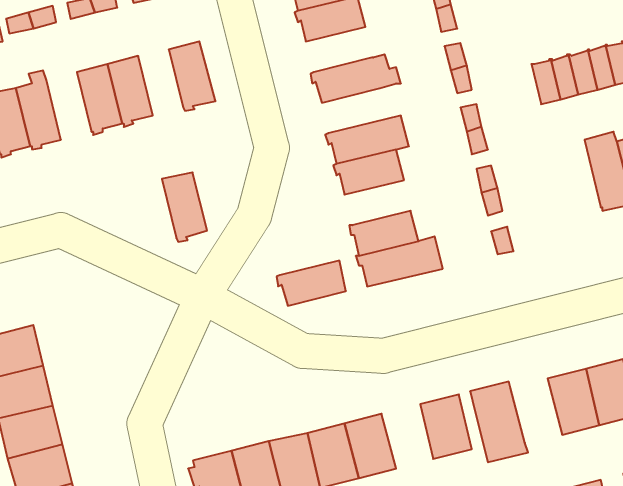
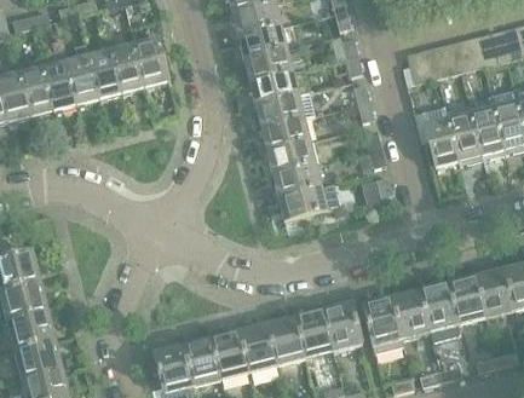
building: none -> [235,25,287,59]
building: none -> [42,51,76,111]
building: none -> [247,68,311,105]
building: none -> [422,105,459,169]
building: [162,172,207,242] -> [111,42,145,94]
building: [277,261,346,306] -> [264,140,316,174]
building: none -> [391,289,430,338]
building: none -> [294,308,333,357]

